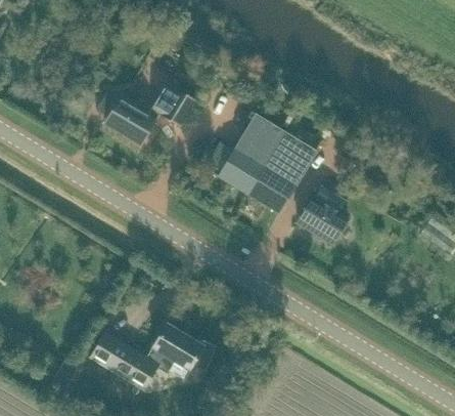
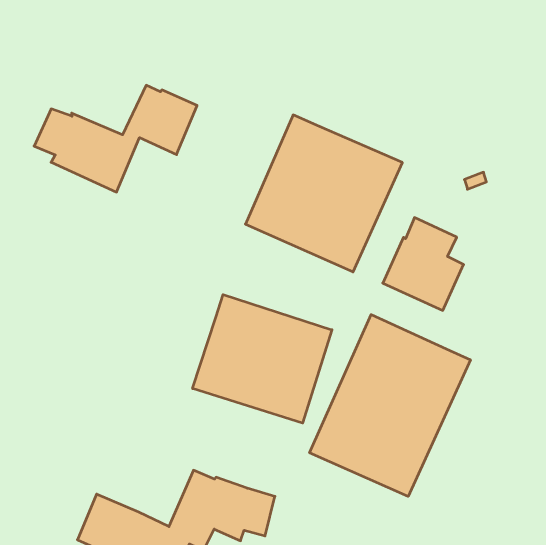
building: none -> [193,295,332,423]
building: none -> [310,315,470,496]

